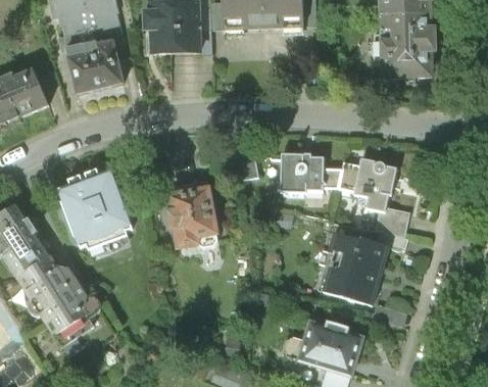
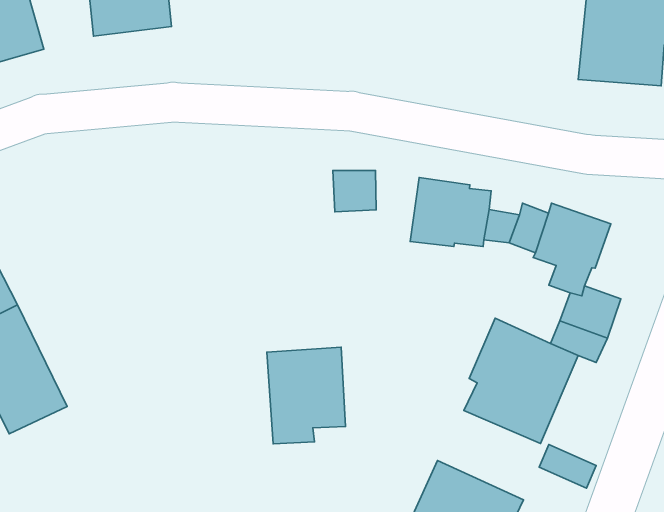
building: [59,172,132,243] -> none
building: [166,185,218,247] -> [267,347,345,444]

